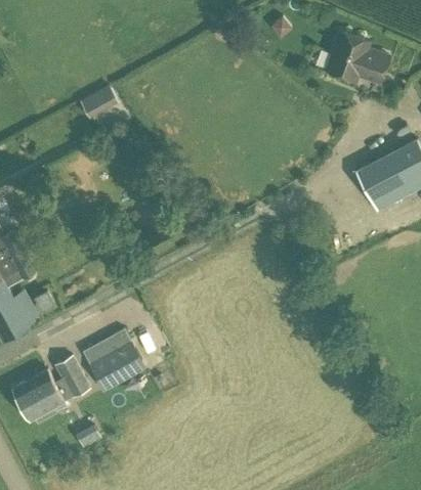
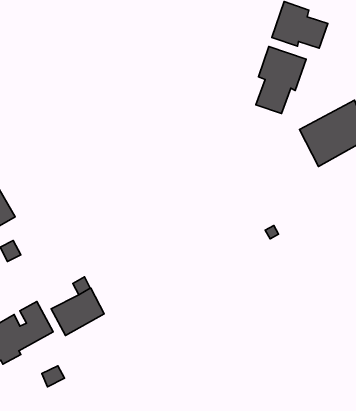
building: none -> [256,47,306,114]
building: [80,86,119,119] -> none

